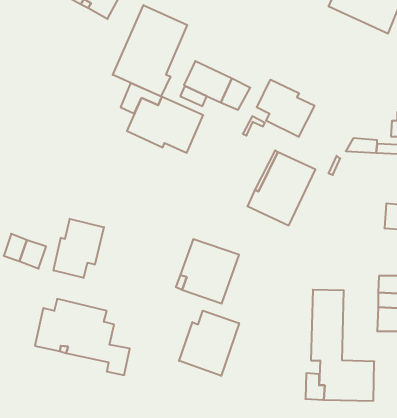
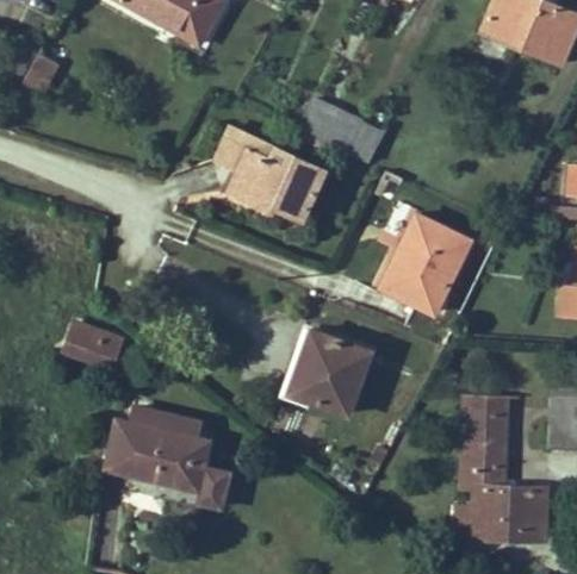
building: [113,5,187,97] -> none
building: [257,80,314,137] -> none
building: [54,219,104,278] -> none
building: [179,311,239,376] -> none

